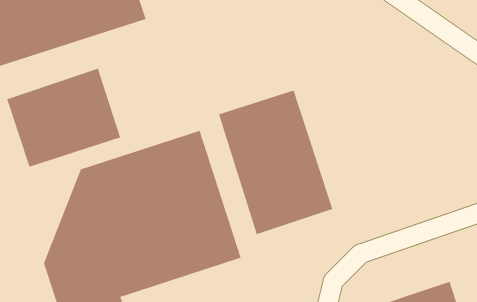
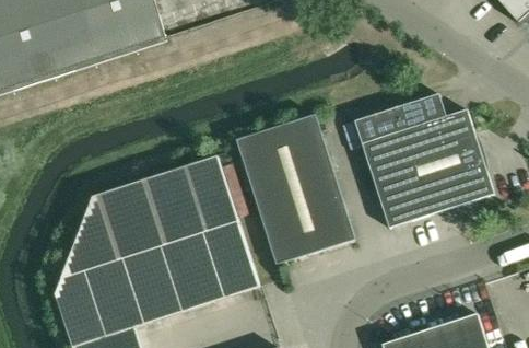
building: [7,68,121,168] -> none
building: none -> [353,92,494,228]

